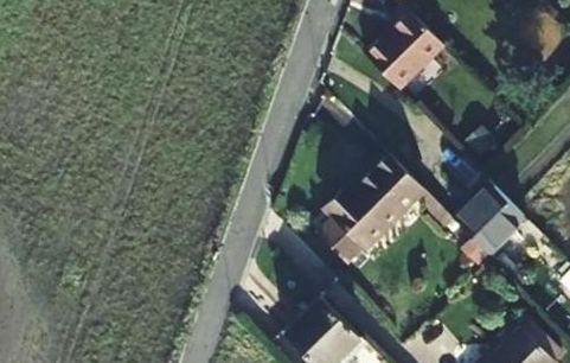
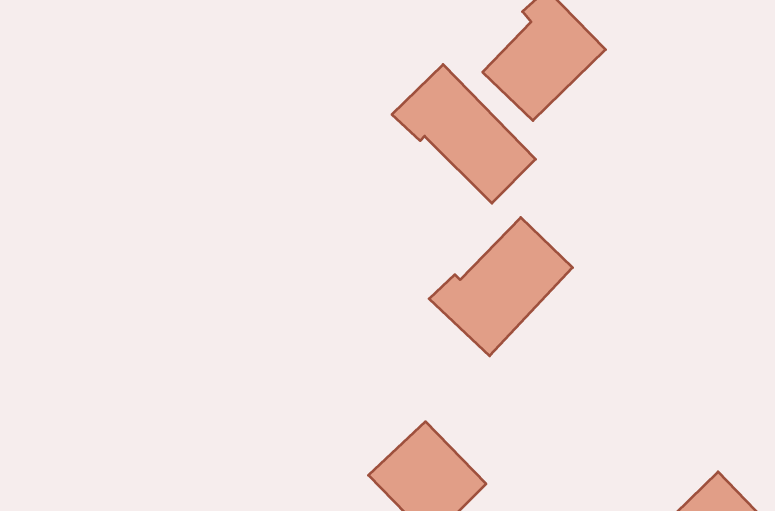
building: none -> [392,64,536,203]
building: [453,189,523,257] -> none

